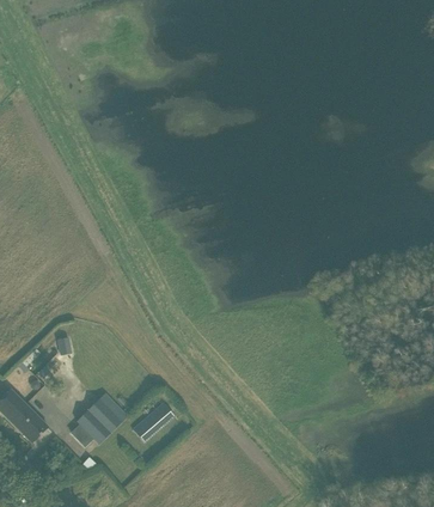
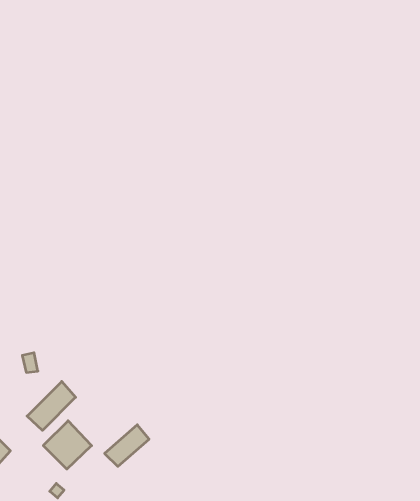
building: none -> [27,381,76,430]

